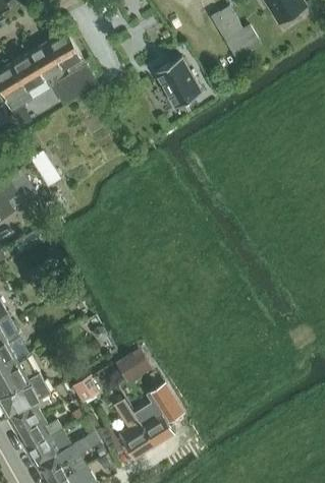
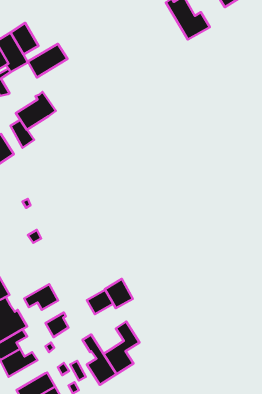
building: [49,32,82,68] -> none
building: [155,58,203,109] -> none
building: none -> [16,92,56,130]
building: none -> [105,279,133,308]
building: none -> [24,284,58,310]
building: [30,431,72,466] -> none

